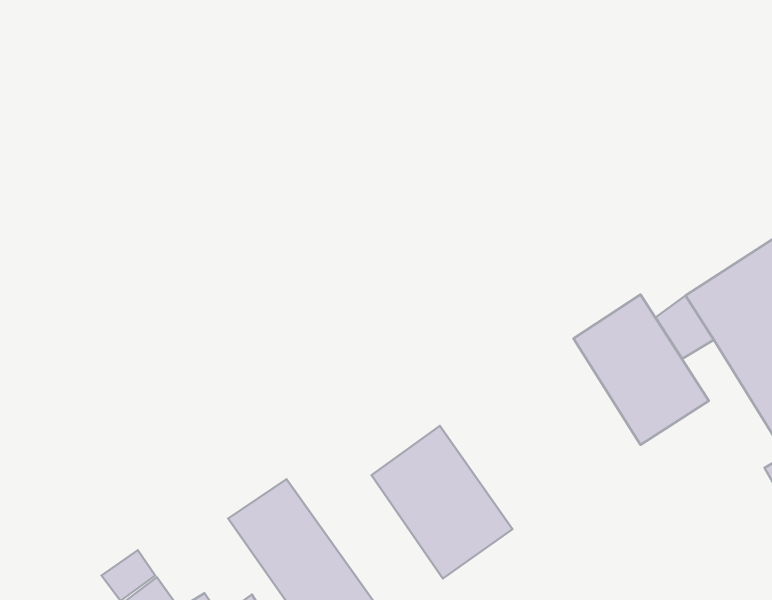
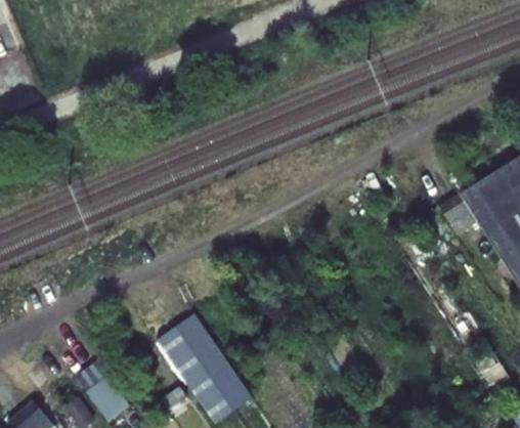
building: [574,294,709,445] -> none
building: [371,426,513,578] -> none

